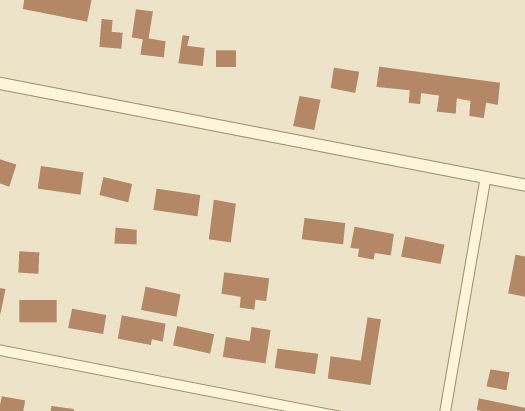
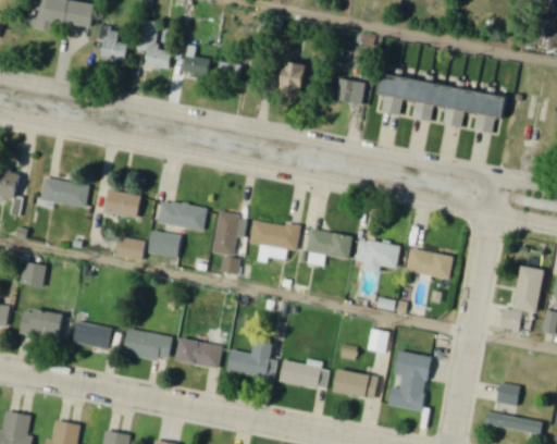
building: [292,95,321,131] -> [278,62,308,98]
building: none -> [148,230,178,256]
building: [220,271,270,310] -> [250,220,300,259]
building: [140,286,181,318] -> none
building: none -> [387,351,432,411]

